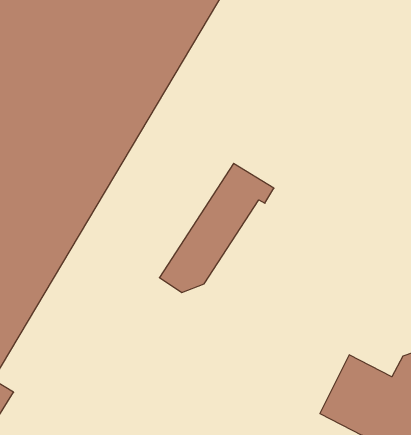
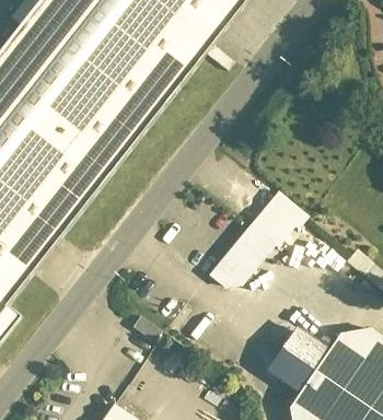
building: [159,163,274,292] -> [206,191,306,289]

